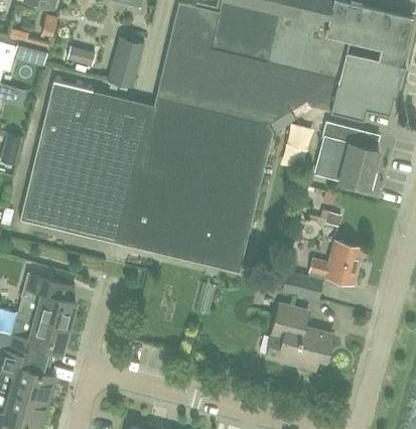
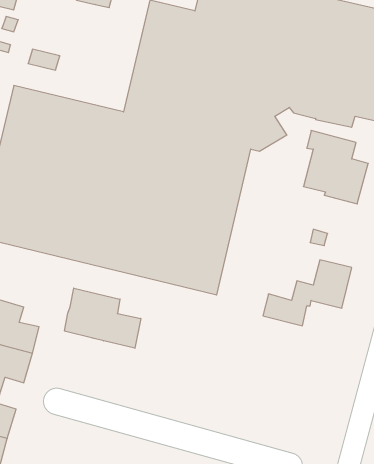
building: [108,36,144,88] -> none
building: none -> [65,288,141,348]
building: [267,305,333,369] -> none

